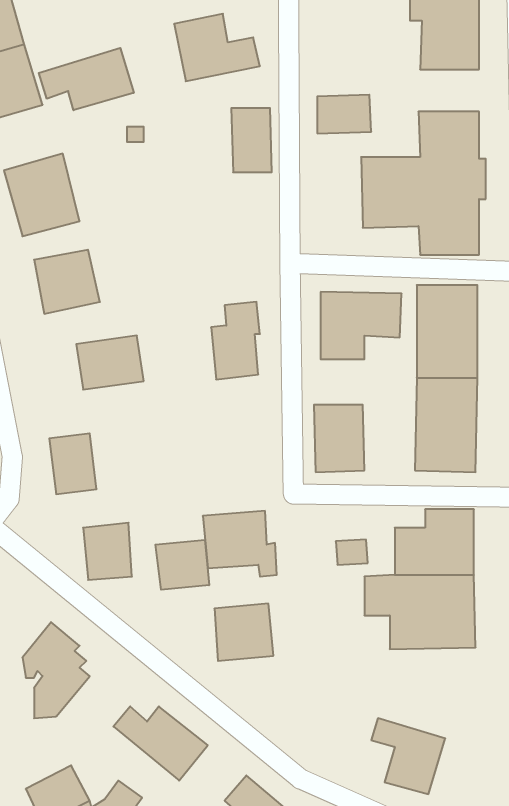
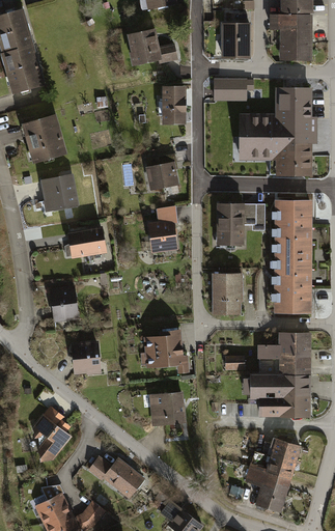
building: none -> [221,25,250,60]
building: [39,48,134,110] -> none
building: none -> [145,157,179,193]
building: [155,540,209,590] -> none
building: none -> [251,435,303,475]

